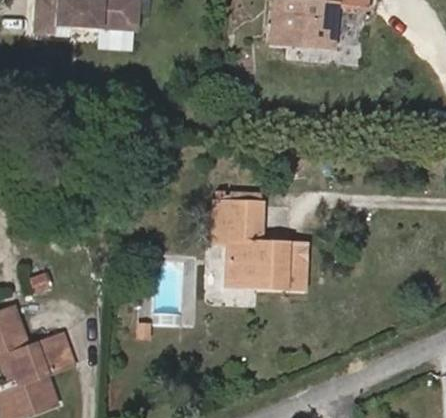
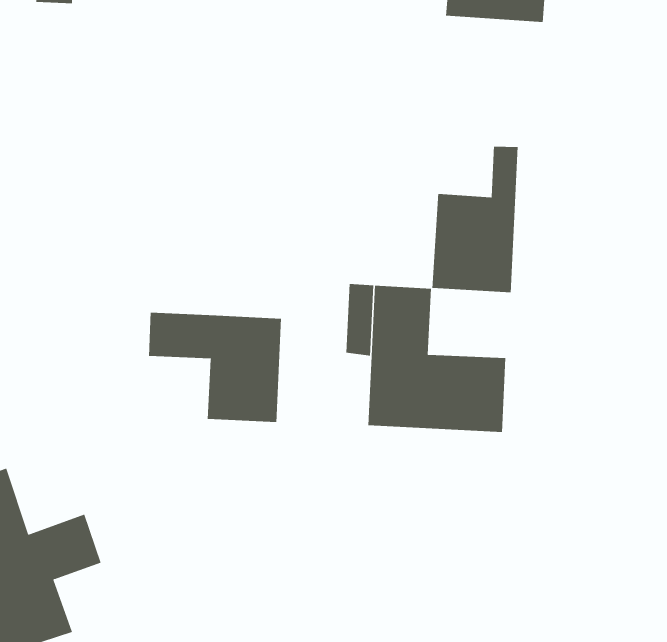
building: none -> [432,146,518,293]
building: none -> [149,312,282,423]

